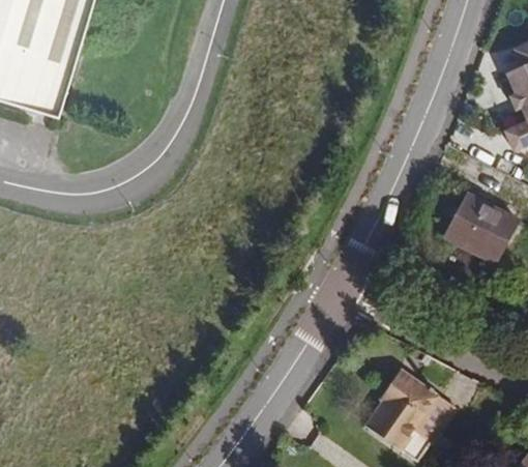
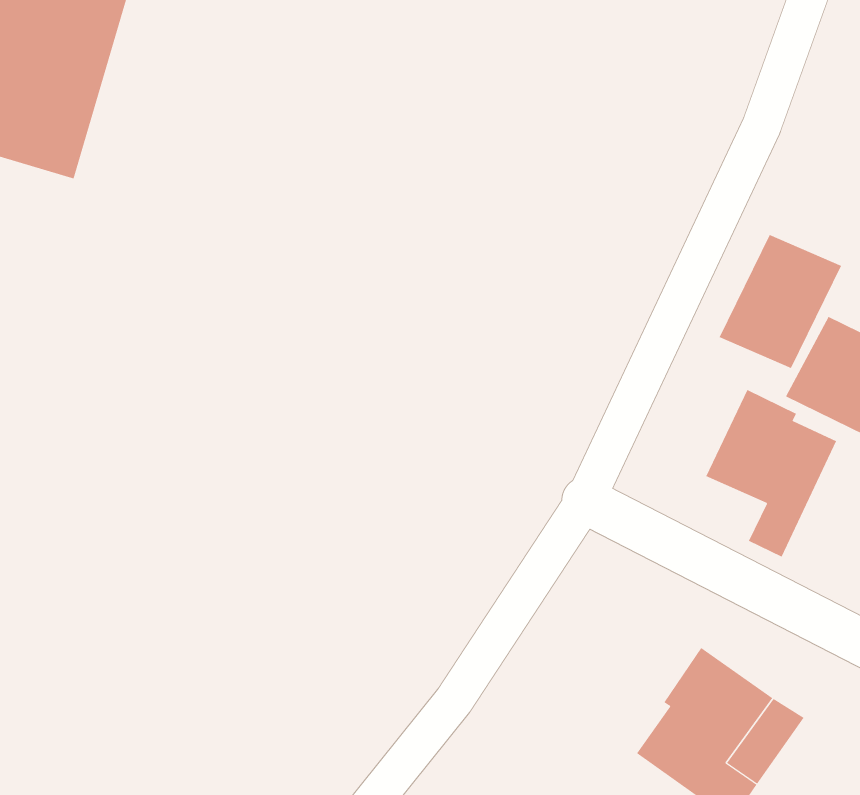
building: none -> [719,234,842,369]
building: none -> [705,389,837,558]

